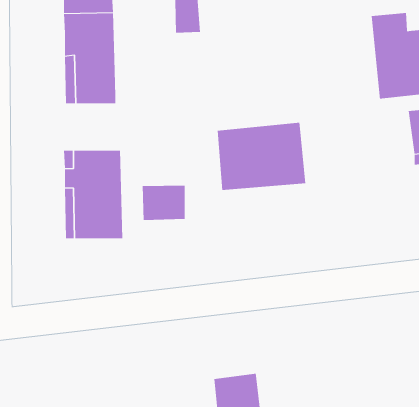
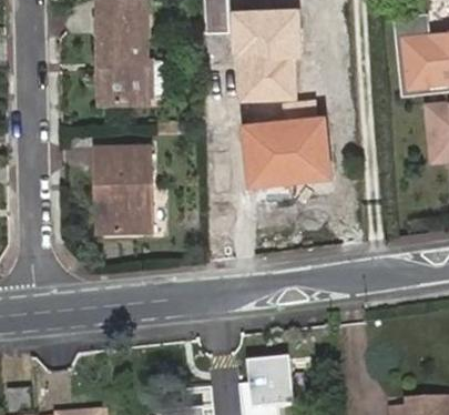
building: none -> [235,8,294,100]
building: [142,185,185,221] -> none

